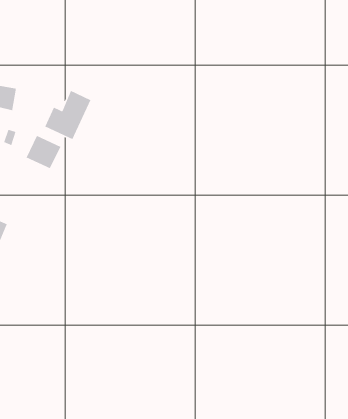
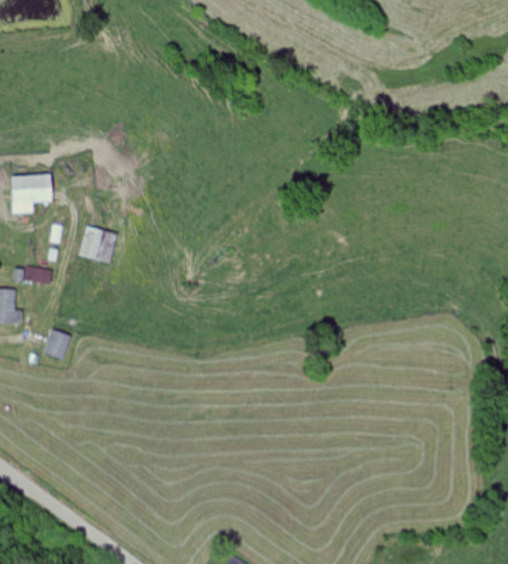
building: [44,90,92,140] -> none

